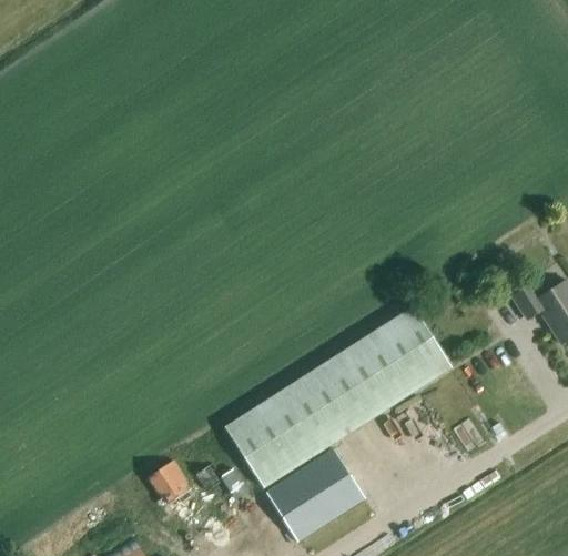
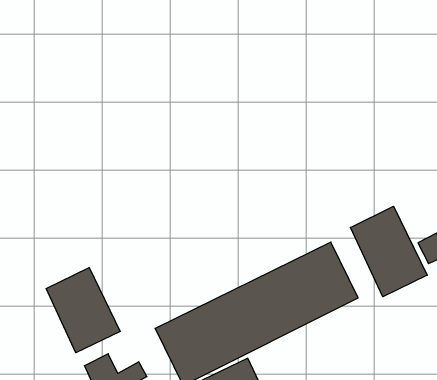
building: none -> [350,206,427,297]
building: none -> [46,268,120,353]

